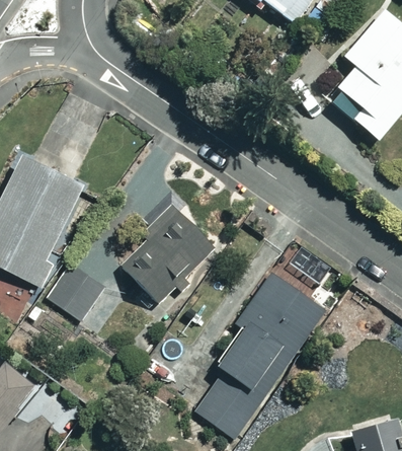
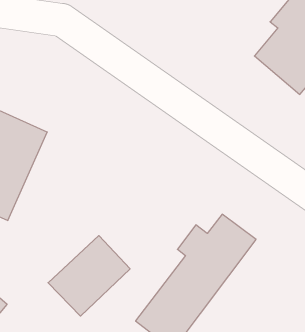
building: [122,212,217,305] -> [48,236,130,316]
building: [43,260,98,315] -> none

